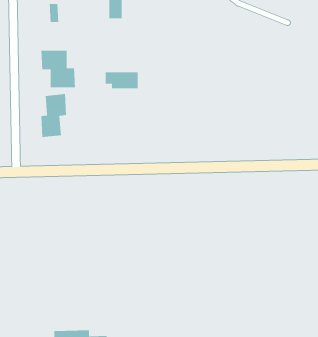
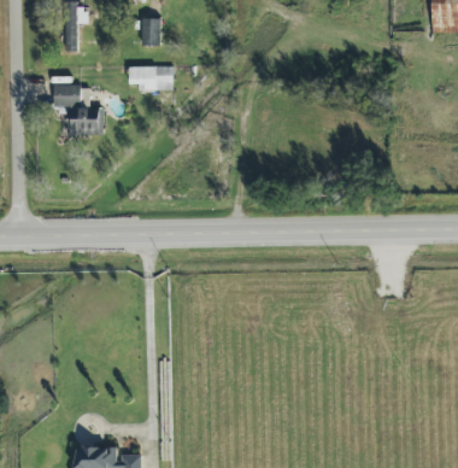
building: [105,72,138,89] -> [129,66,172,89]
building: [40,93,67,138] -> none

